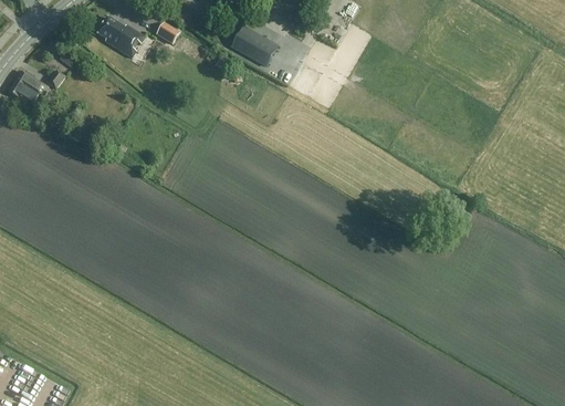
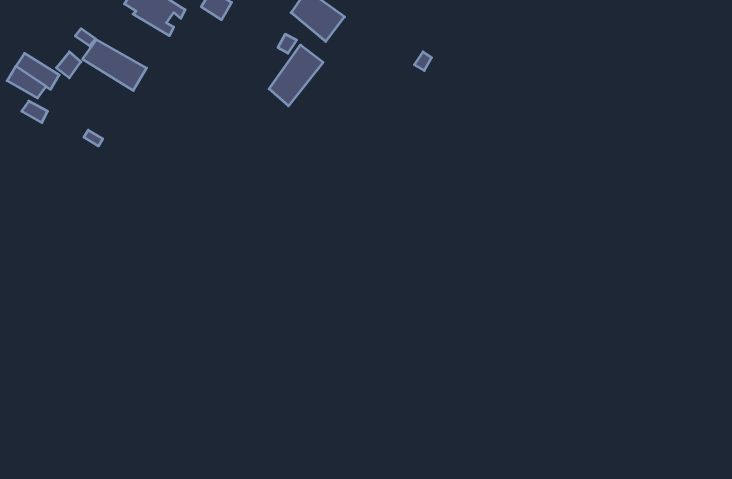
building: none -> [83,40,147,91]
building: none -> [269,45,323,106]

